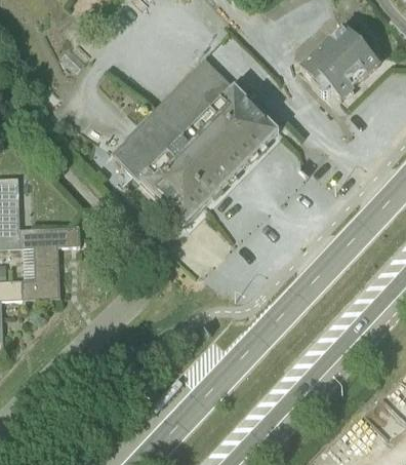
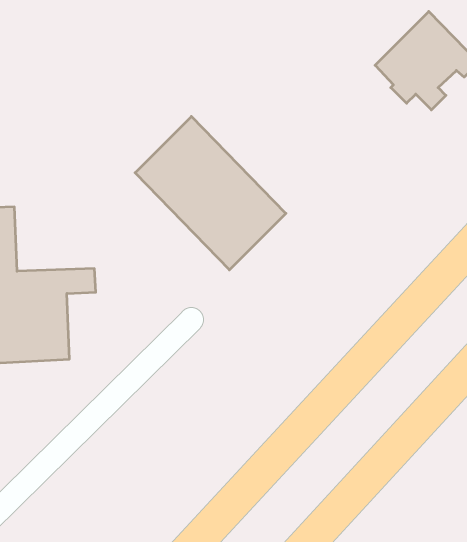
building: [155,60,284,184] -> none

